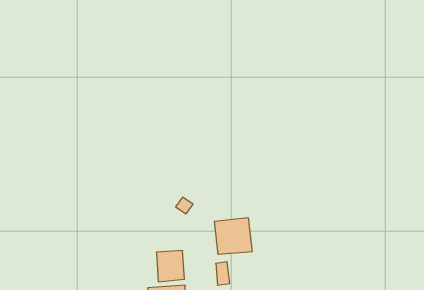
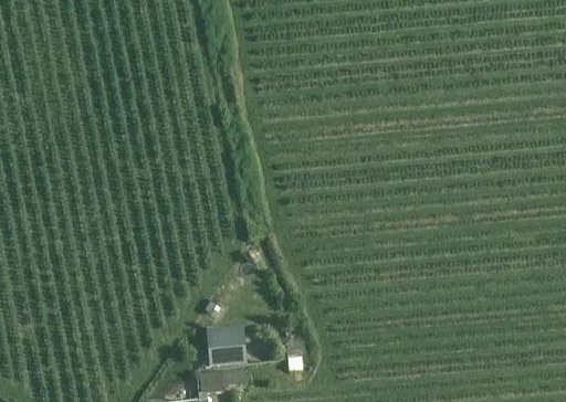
building: [214,218,252,254] -> none

